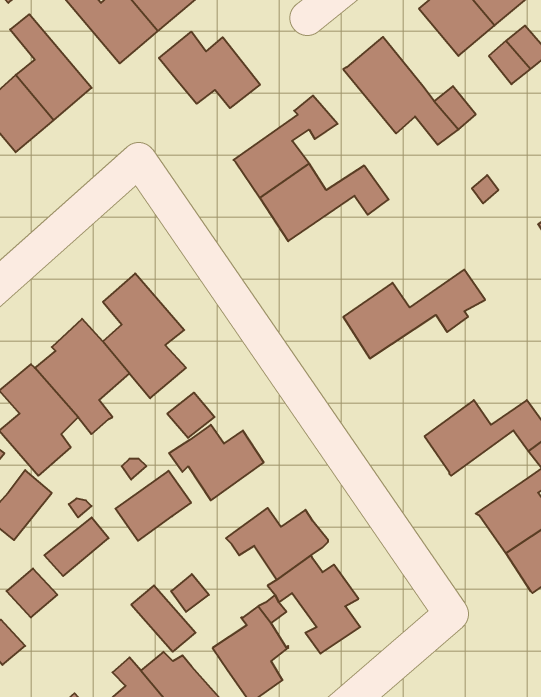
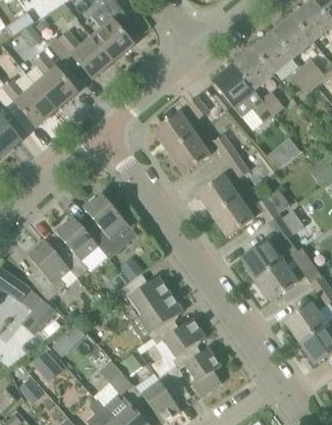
building: none -> [233,49,274,91]
building: [159,32,260,108] -> none
building: none -> [197,152,248,215]
building: none -> [240,210,303,279]
building: [115,471,191,541] -> [141,294,181,331]

